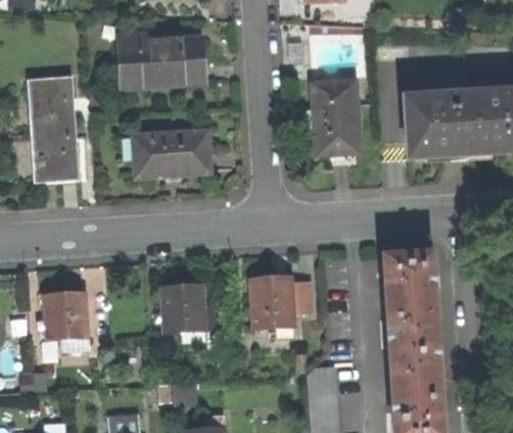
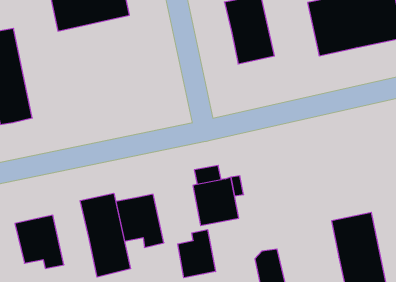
building: [133,131,209,178] -> none
building: [389,250,441,345] -> none
building: none -> [80,193,130,277]
building: none -> [178,230,216,278]

